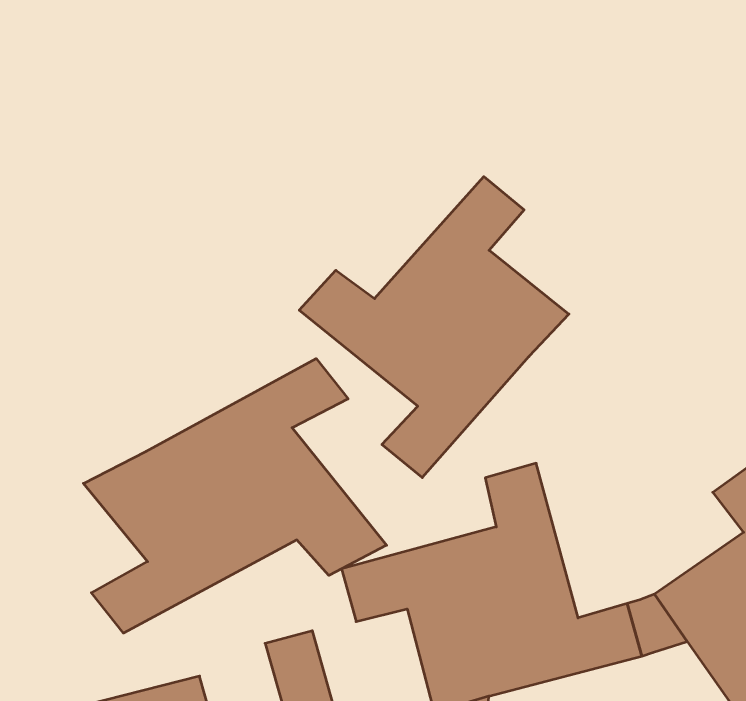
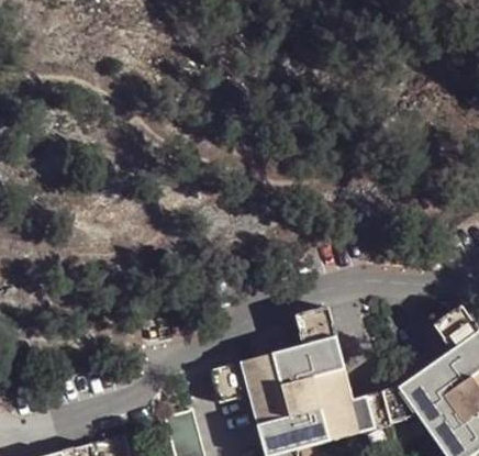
building: [299,177,569,478] -> none
building: [83,359,387,633] -> none

